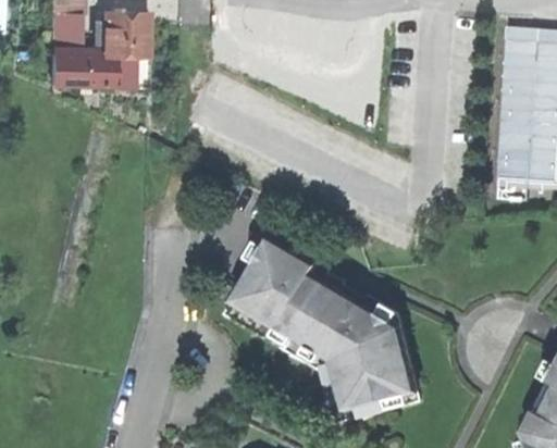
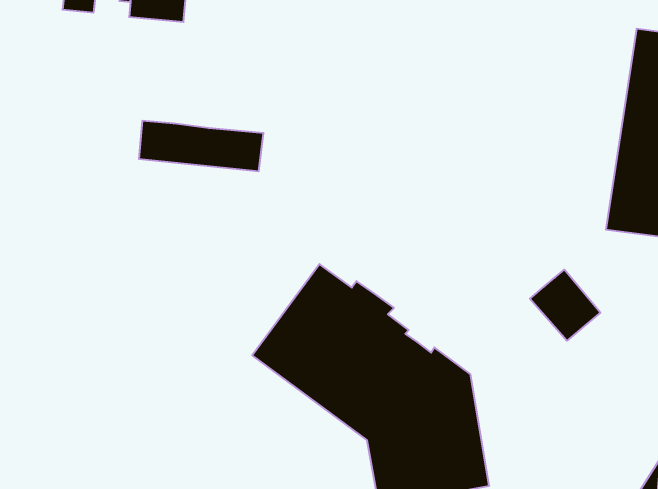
building: [50,52,147,84] -> [139,121,264,171]
building: none -> [530,270,600,341]

